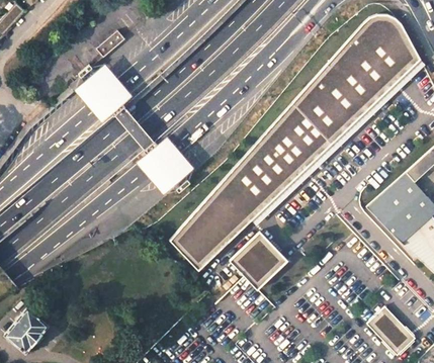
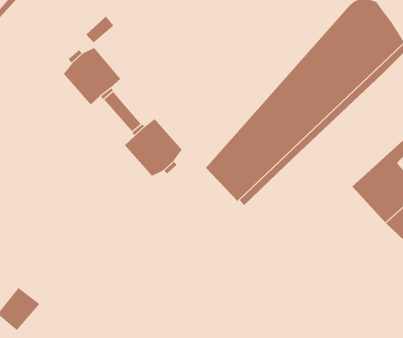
building: [169,187,251,272] -> none
building: [230,233,287,290] -> none
building: [368,309,414,356] -> none

